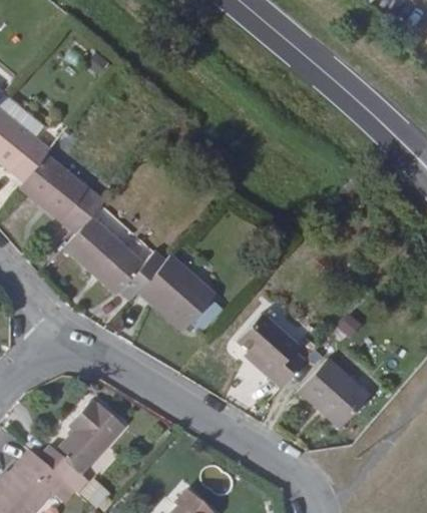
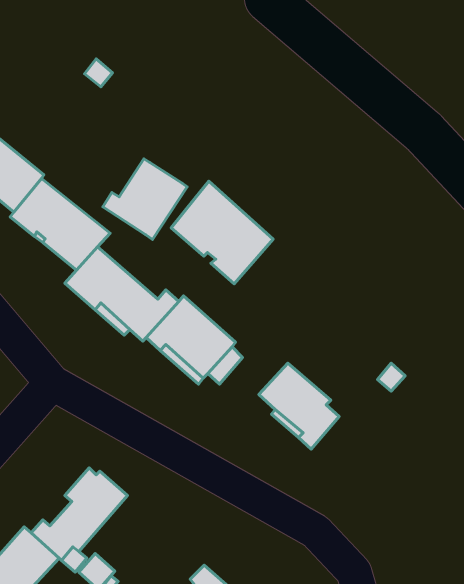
building: none -> [103,159,187,240]
building: none -> [171,181,273,284]
building: [299,361,367,428] -> none

